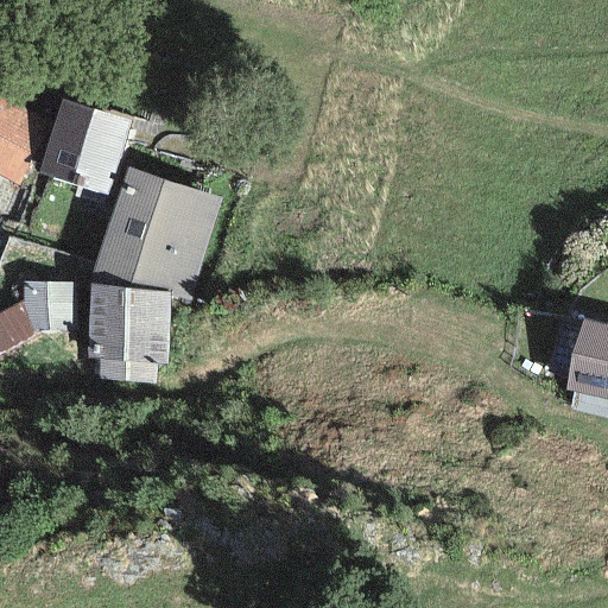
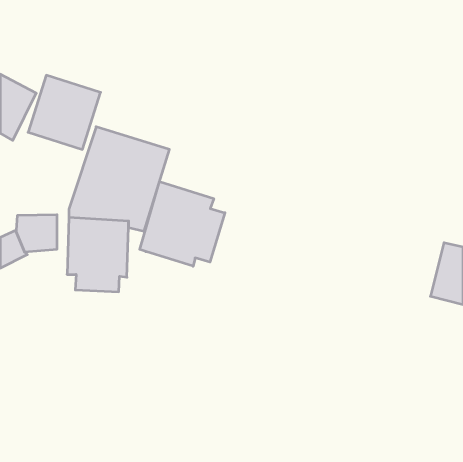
building: none -> [140,181,225,266]

